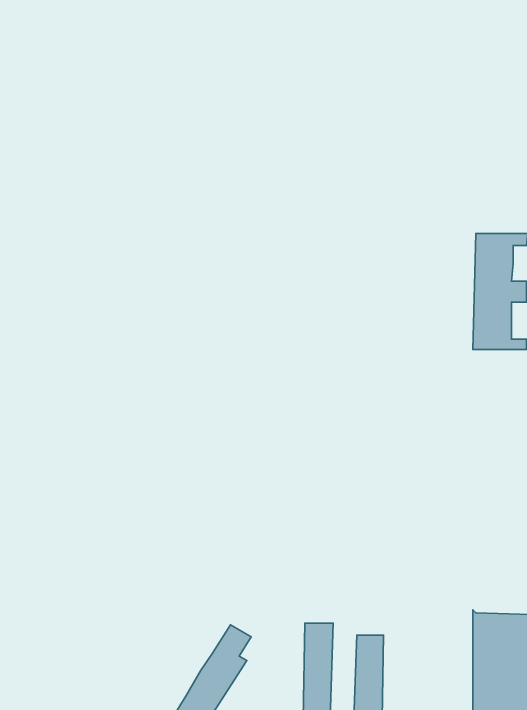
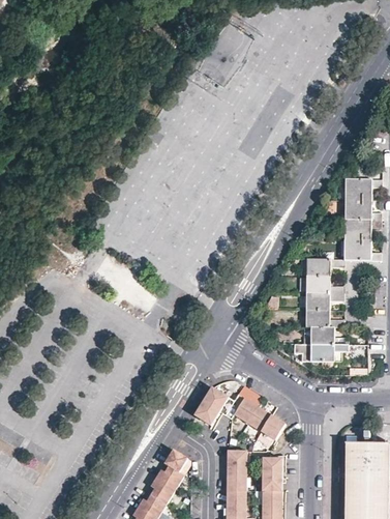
building: none -> [305,258,348,362]
building: none -> [193,386,284,439]

